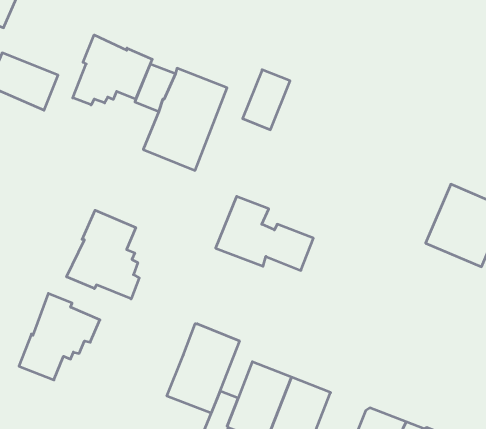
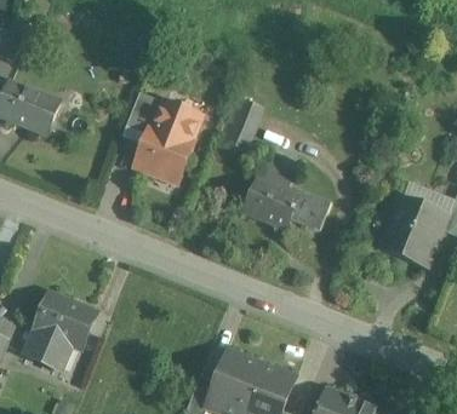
building: [73,35,152,105] -> none
building: [216,196,313,270] -> [245,166,330,230]
building: [67,210,139,299] -> none
building: [167,324,239,413] -> none

